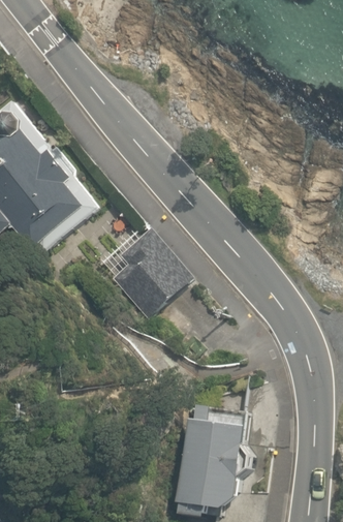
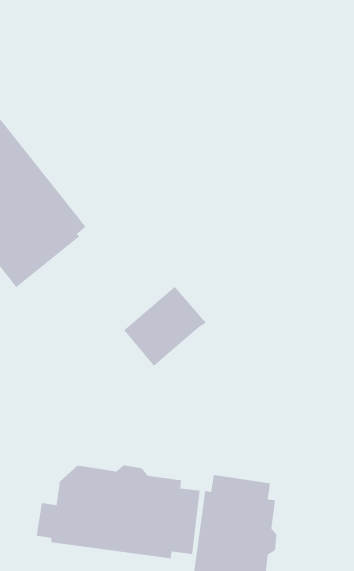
building: none -> [36,464,200,559]

